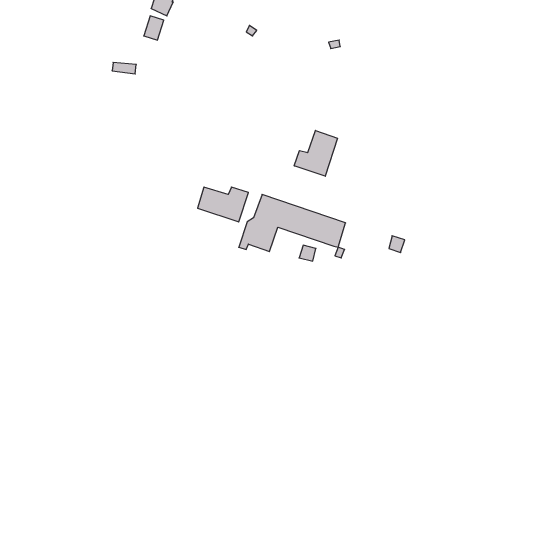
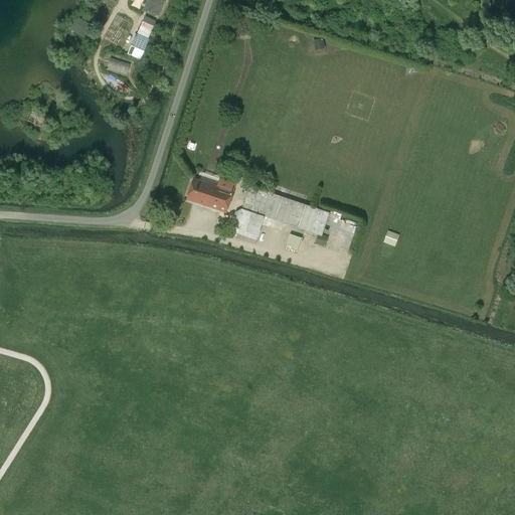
building: [294,130,337,176] -> none

